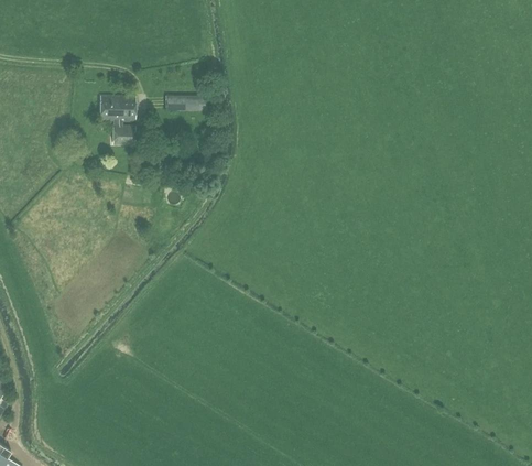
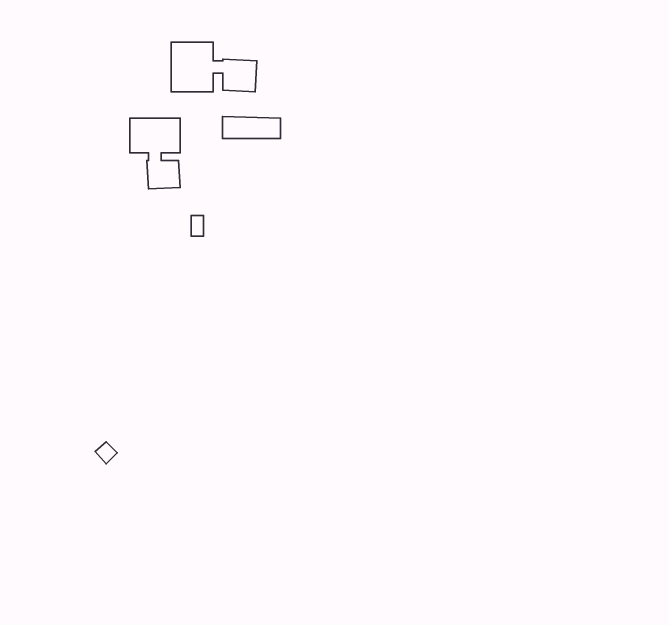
building: none -> [171,42,257,92]

